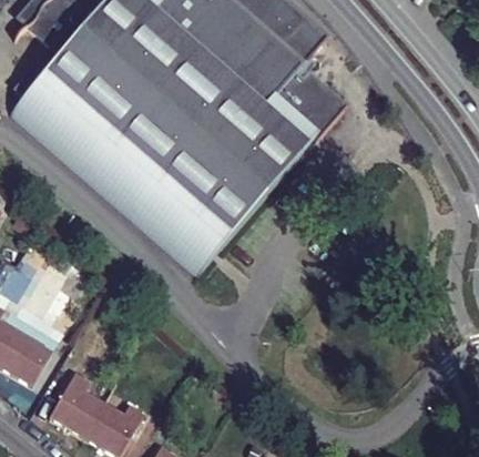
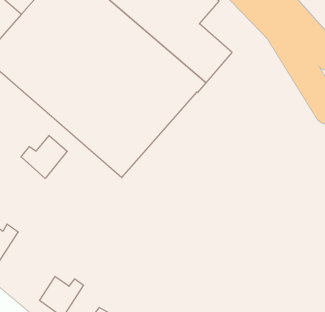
building: none -> [21,135,67,178]
building: [50,376,104,440] -> none

